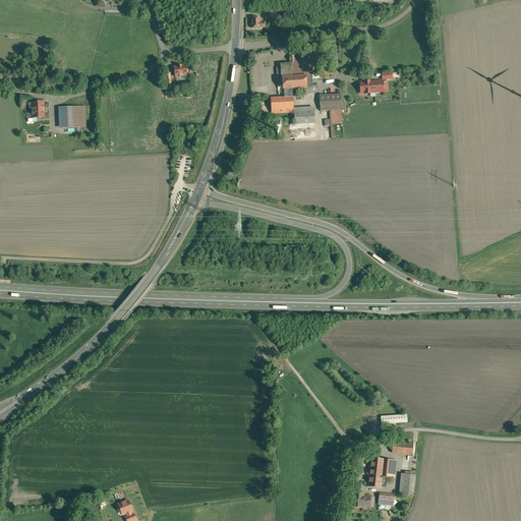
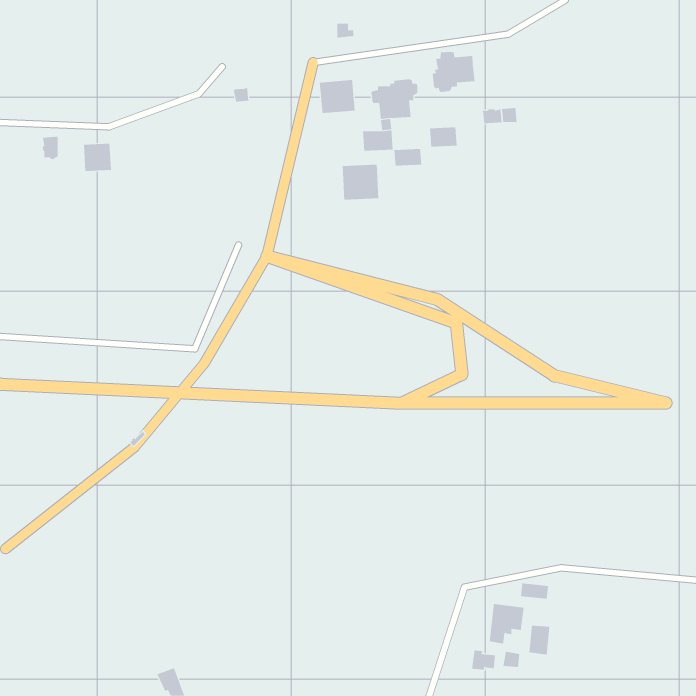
building: none -> [432,51,475,93]
building: none -> [319,79,355,114]
building: none -> [342,164,379,200]

